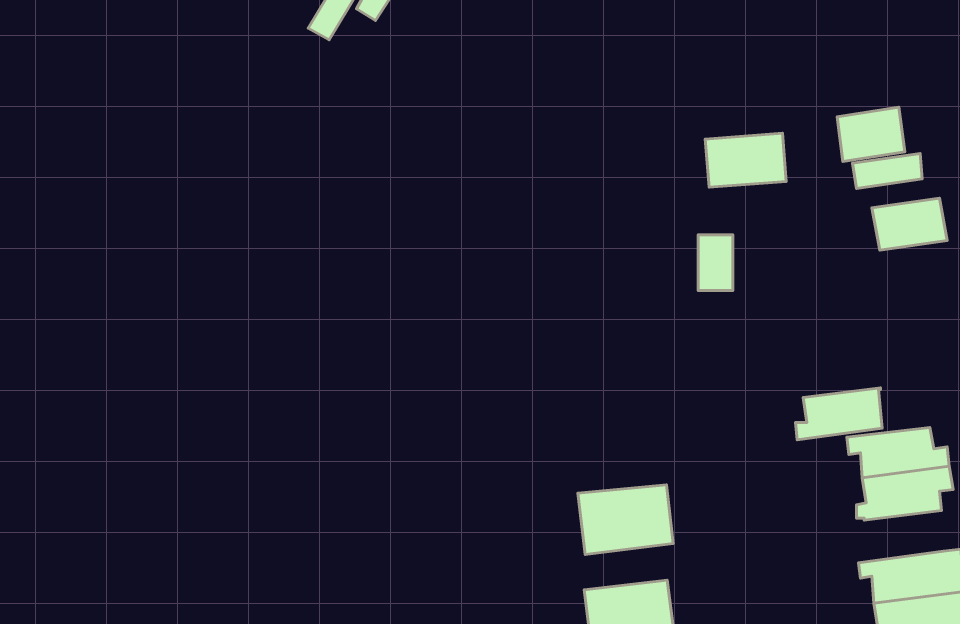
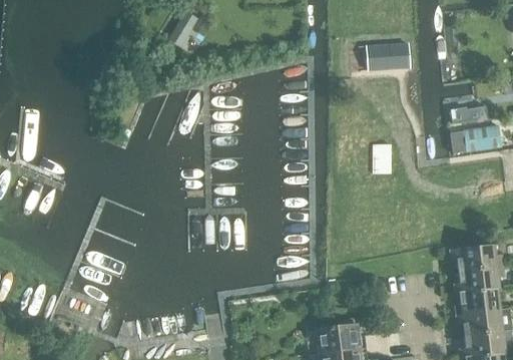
building: [705,133,786,187] -> [366,42,408,70]
building: [795,388,882,440] -> [454,287,499,314]
building: [578,485,673,554] -> none

